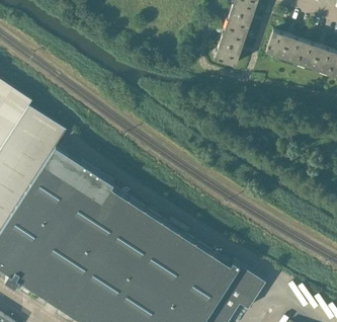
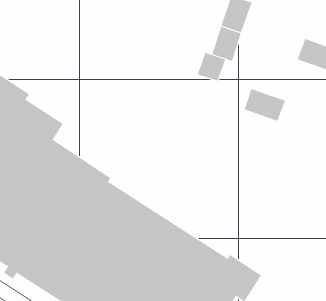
building: [266,30,309,64] -> [244,88,286,122]
building: none -> [197,52,226,82]

